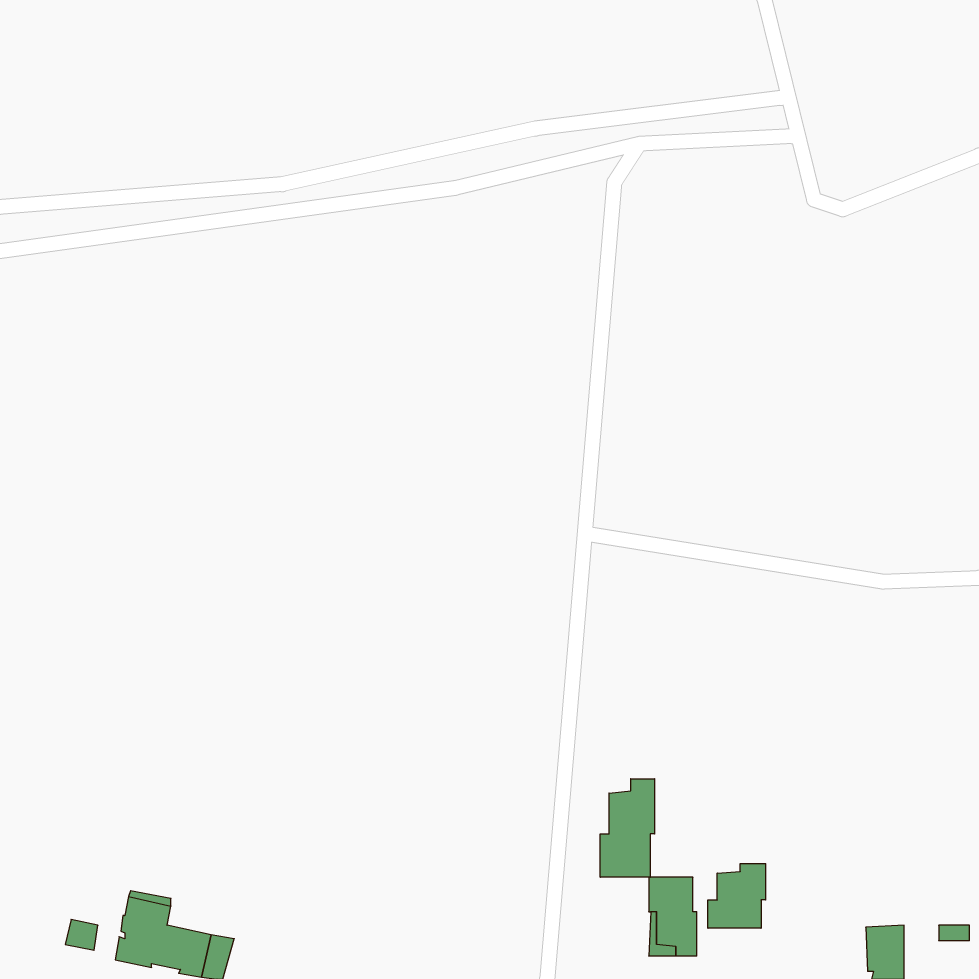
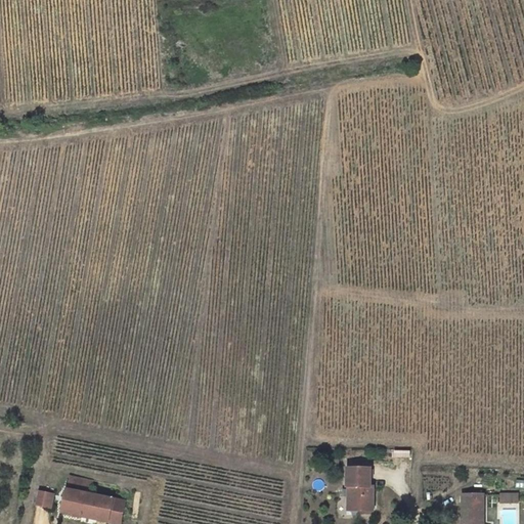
building: [600,779,655,877] -> none
building: [708,864,766,928] -> none

